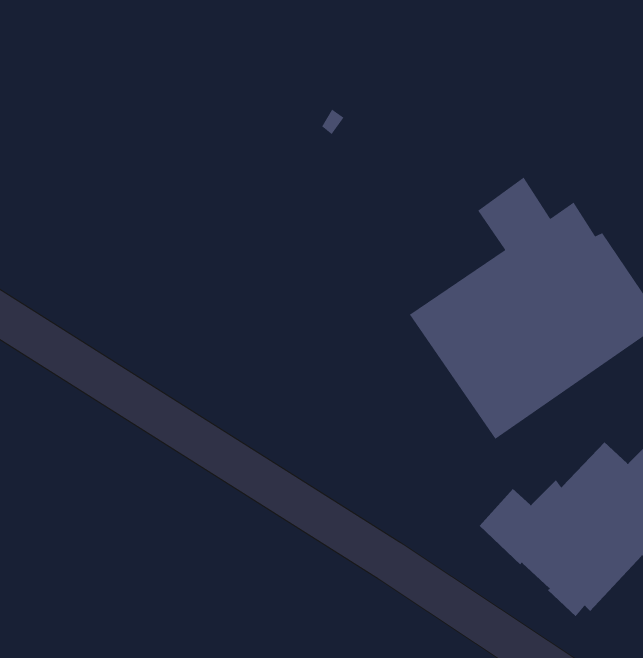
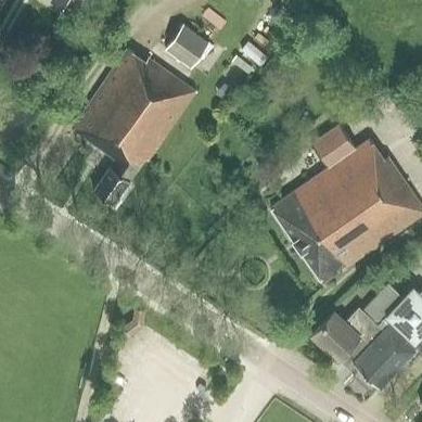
building: none -> [166,24,209,67]
building: none -> [72,50,196,204]

